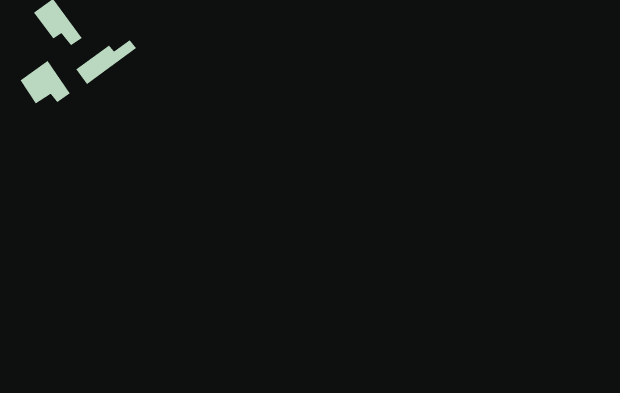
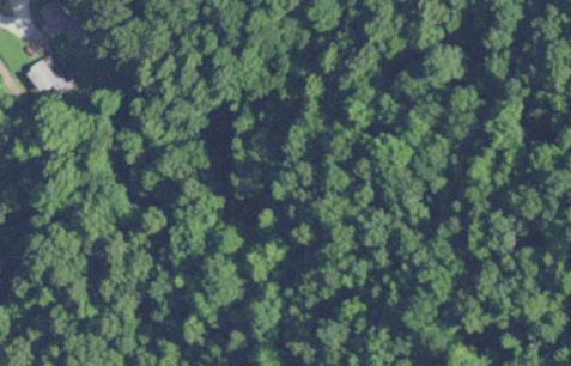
building: [75,39,137,85] -> none

